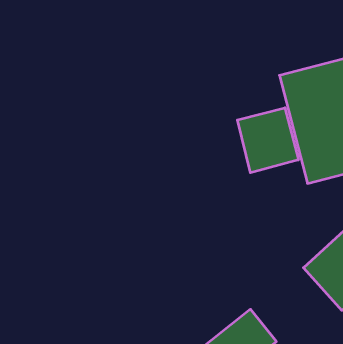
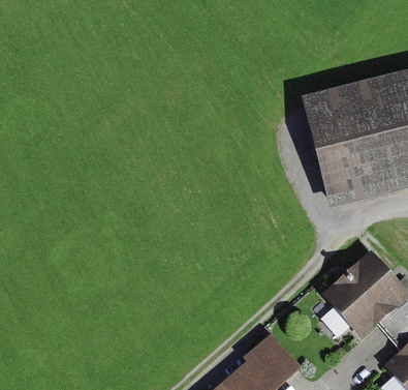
building: [237,108,298,173] -> none

